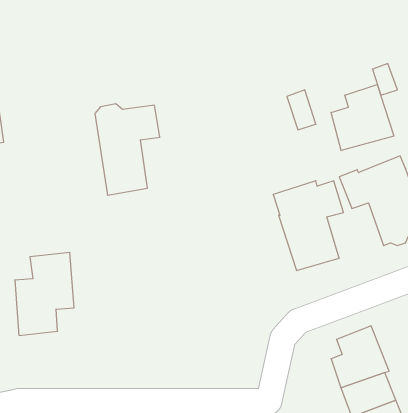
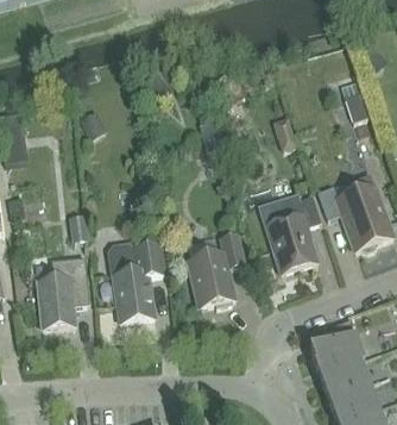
building: [331,85,394,151] -> none
building: [95,104,160,195] -> [109,244,165,323]
building: none -> [188,235,245,308]

